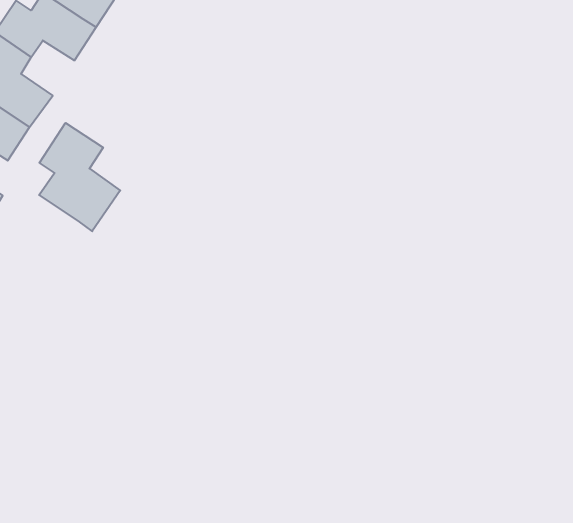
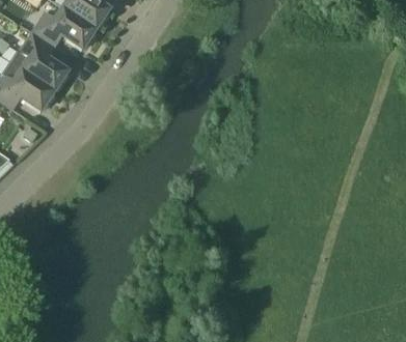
building: [39,123,120,231] -> none

